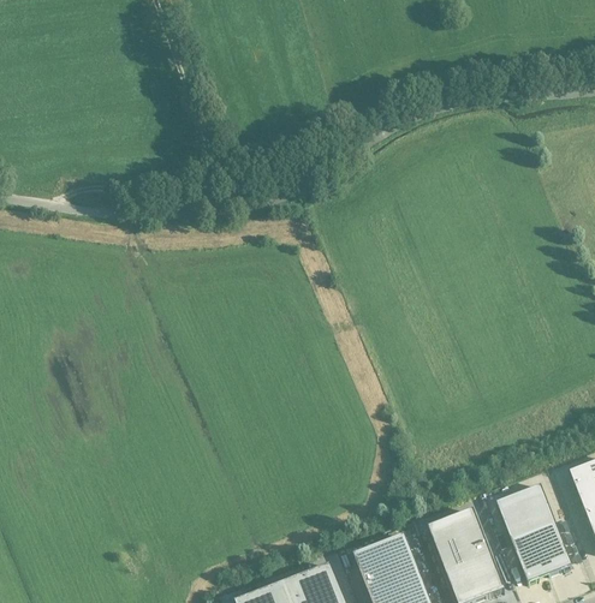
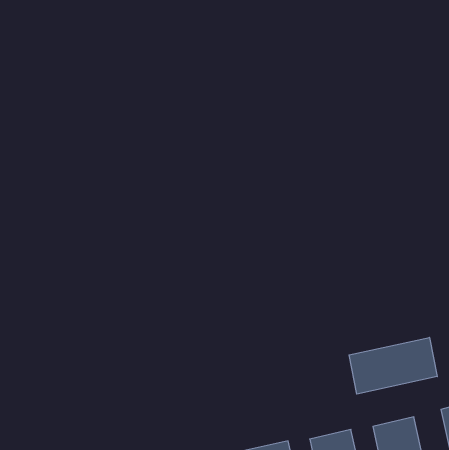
building: none -> [349,337,437,394]

